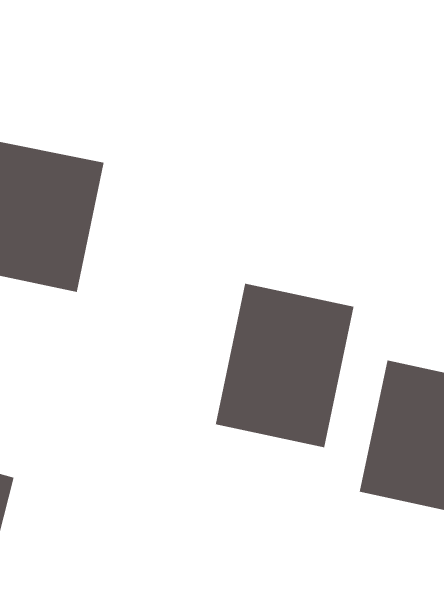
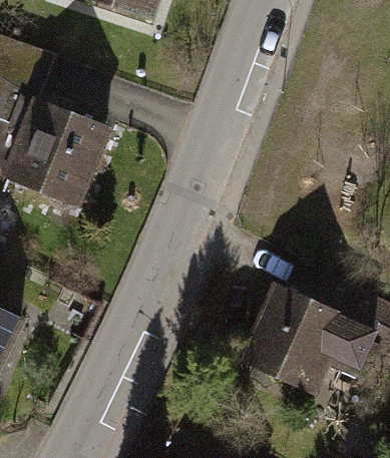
building: [215,283,354,448] -> none

